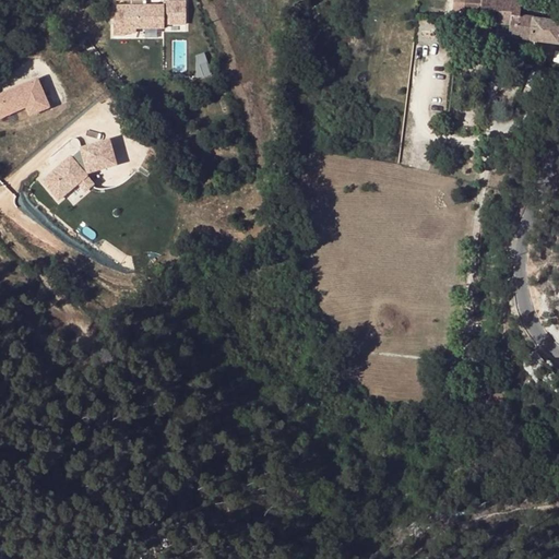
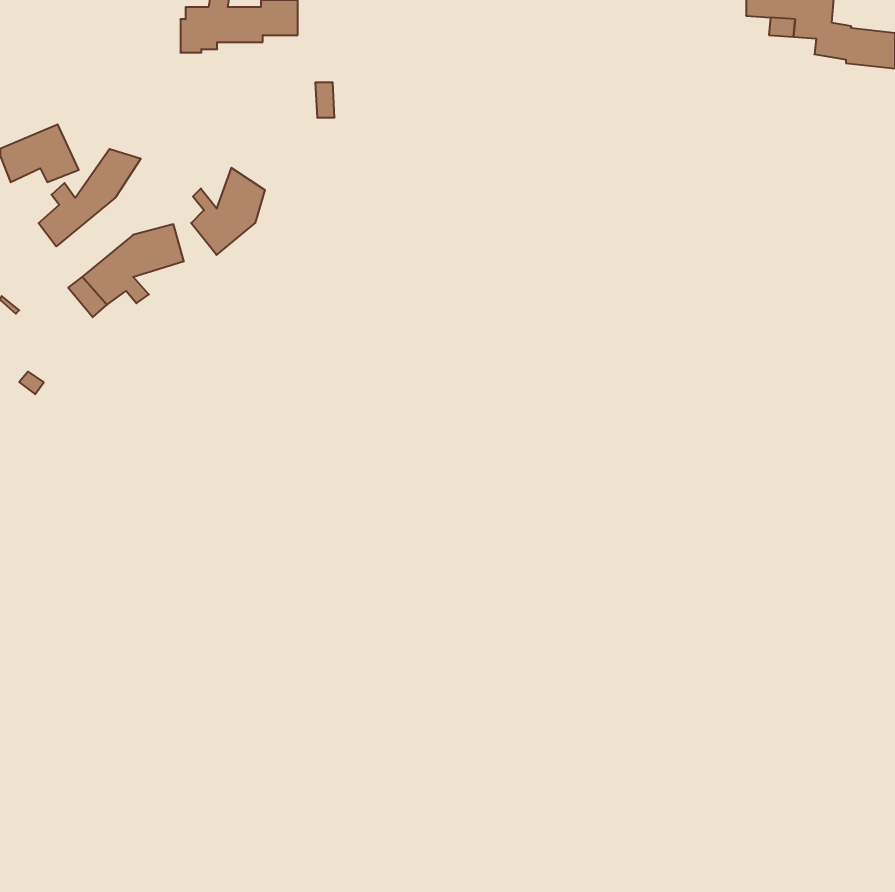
building: none -> [39,149,141,246]
building: none -> [191,168,265,255]

